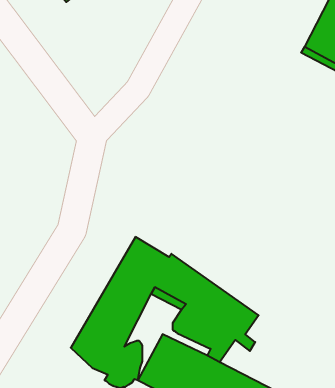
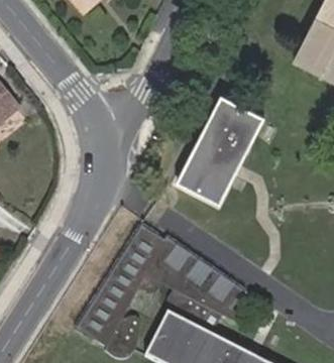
building: none -> [177,93,265,201]

